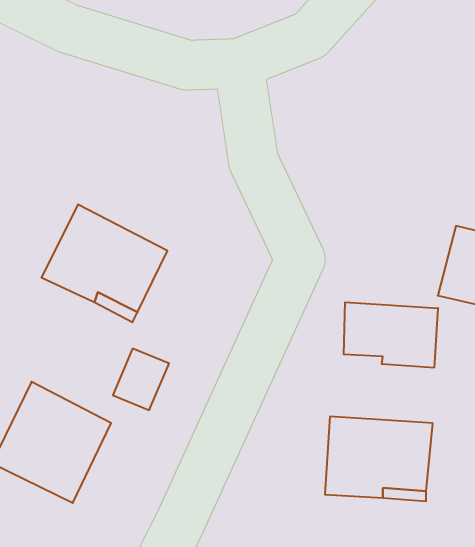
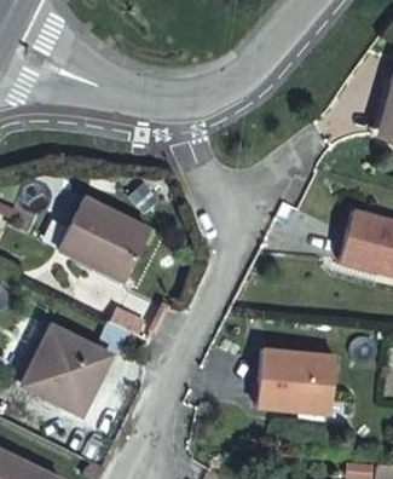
building: [344,302,438,368] -> none

